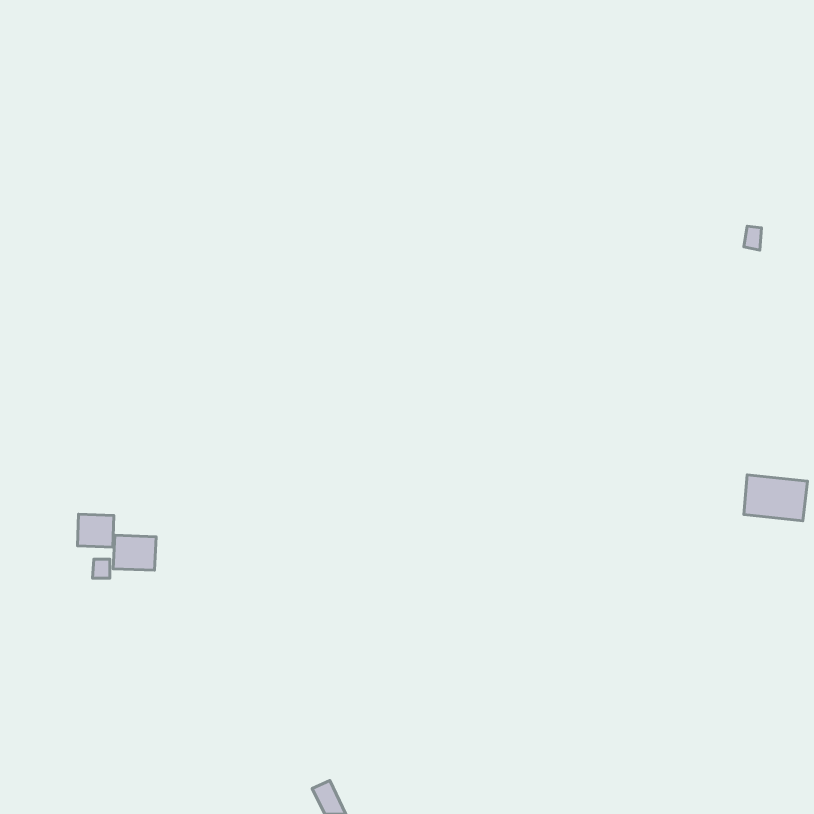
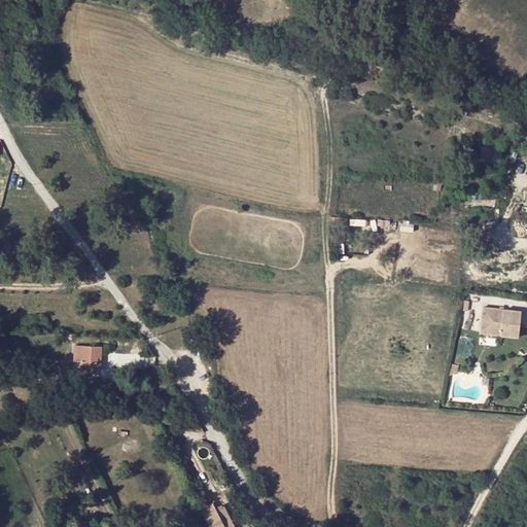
building: [78,514,114,547] -> none

